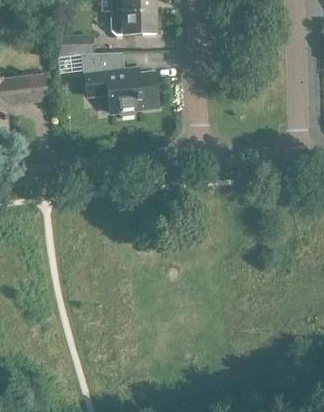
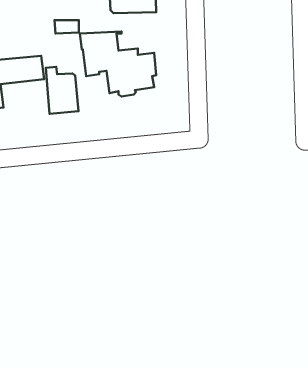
building: none -> [46,67,79,114]

